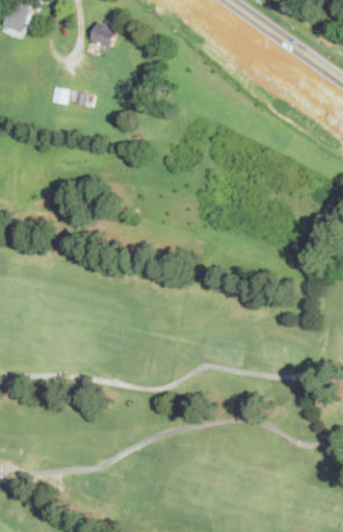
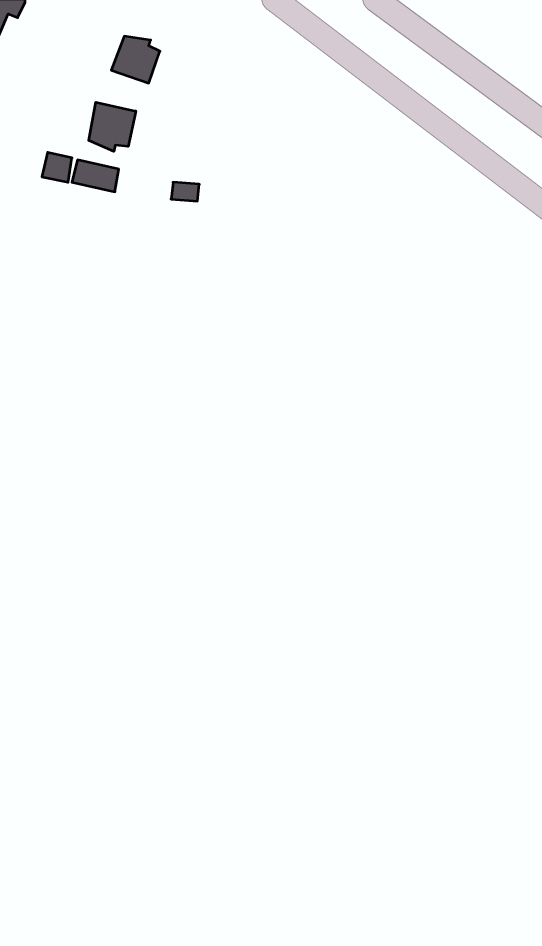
building: none -> [89,102,136,151]

